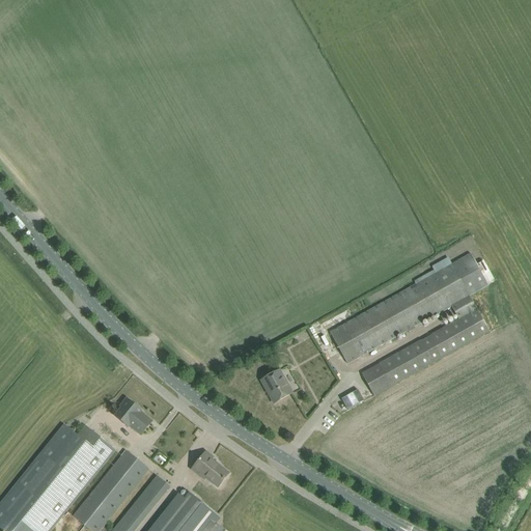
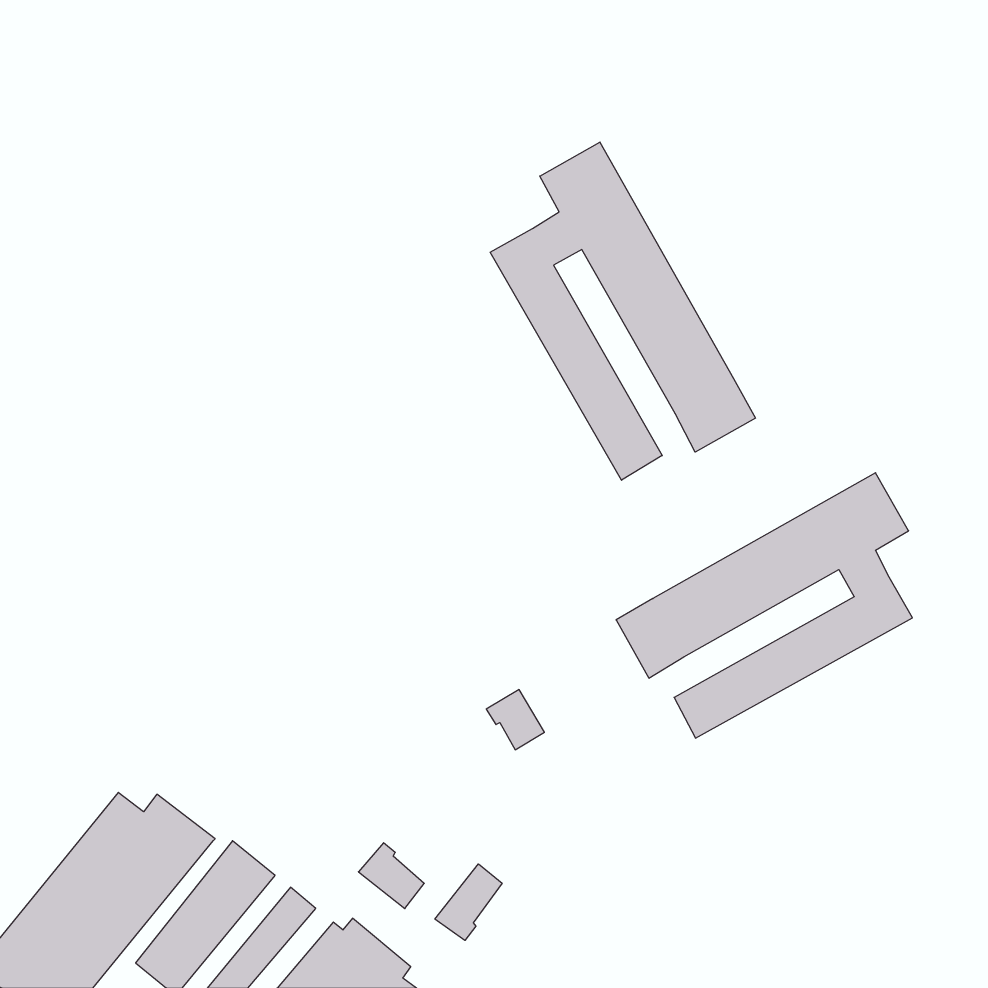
building: none -> [490,142,755,480]
building: [114,398,151,435] -> none
building: none -> [435,864,502,940]

